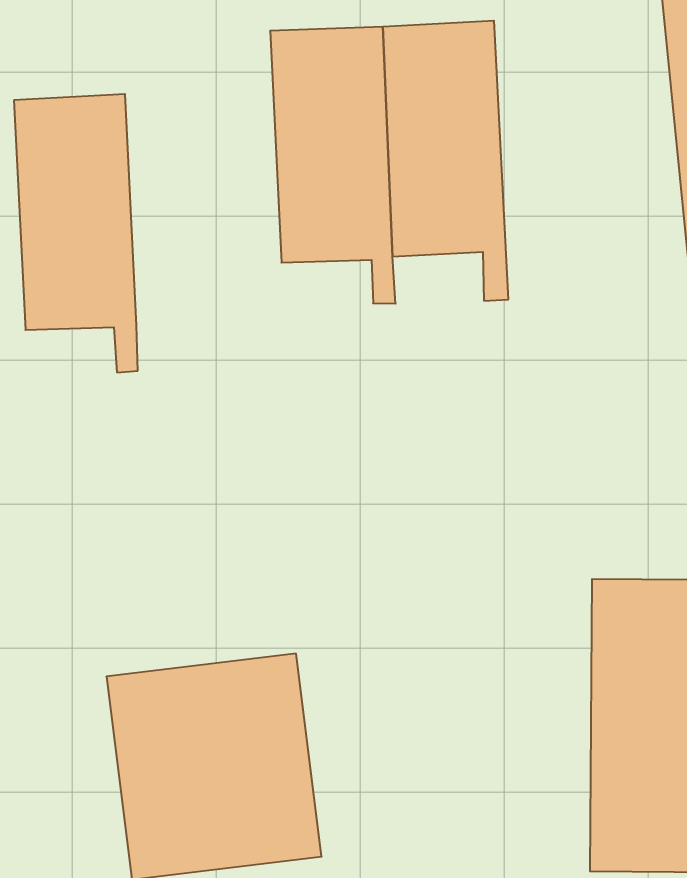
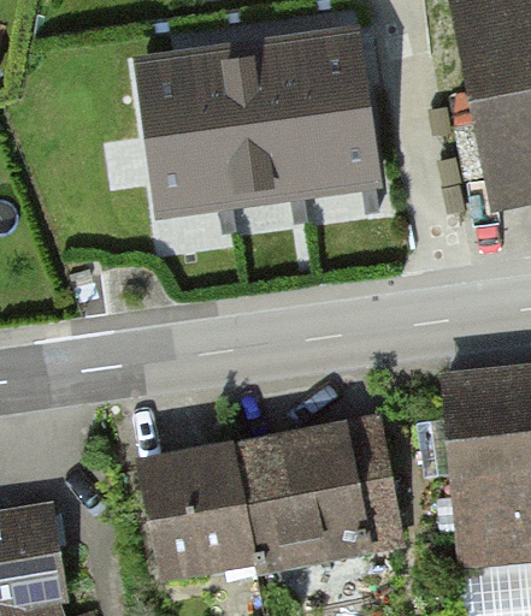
building: [14,94,138,372] -> [134,46,230,225]
building: none -> [260,417,409,573]

